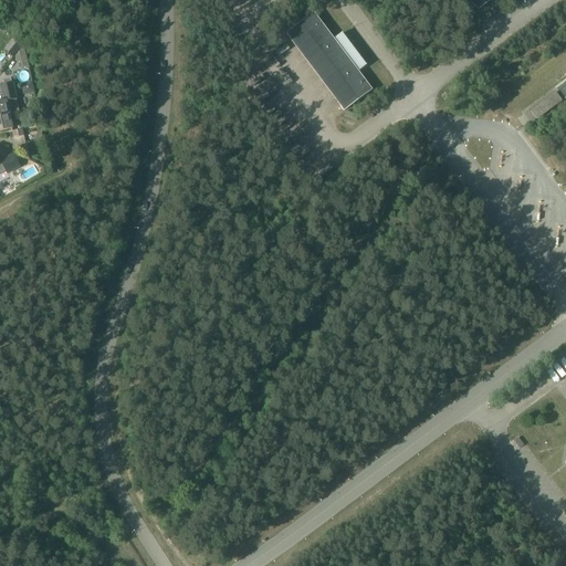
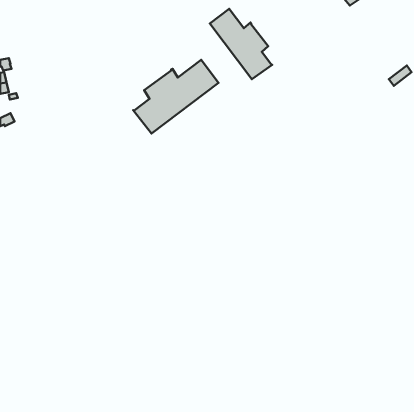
building: none -> [133,60,219,133]

